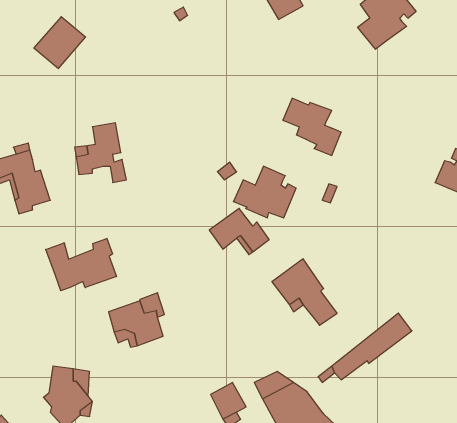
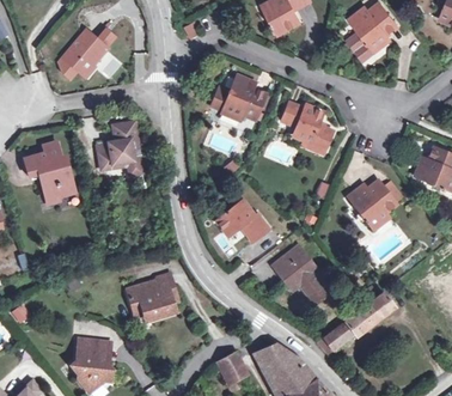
building: [233,166,296,218] -> [209,75,264,121]
building: none -> [347,181,395,230]
building: [46,238,116,291] -> none

